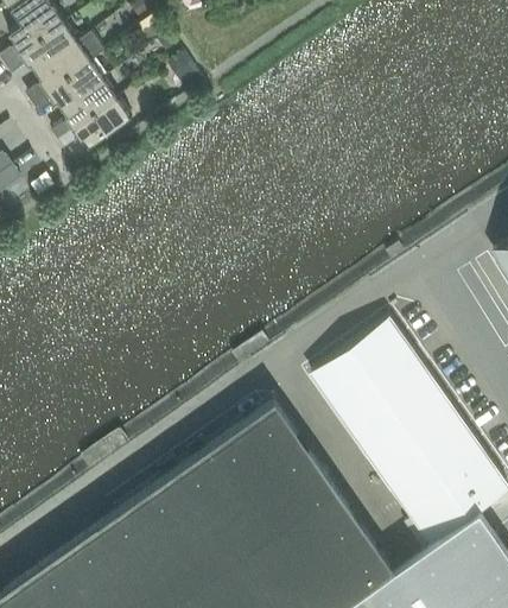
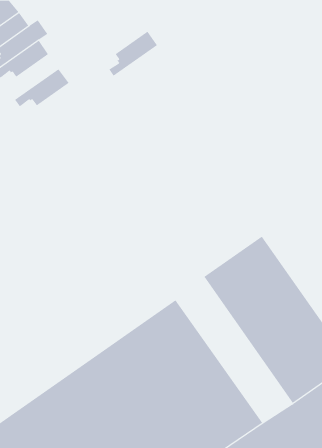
building: [55,82,120,142] -> [109,31,158,77]

